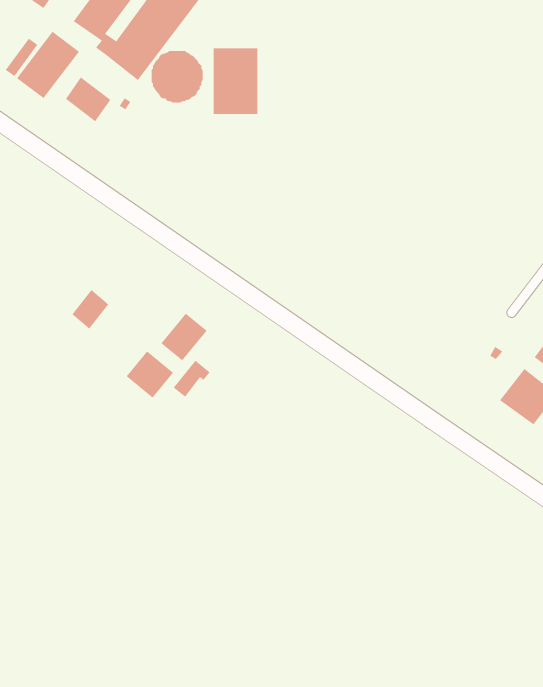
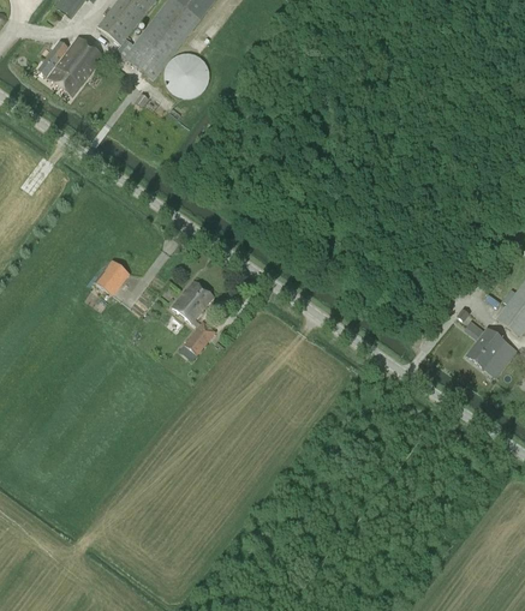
building: [213,47,258,115] -> none
building: [65,77,111,122] -> none
building: [126,351,174,398] -> none

